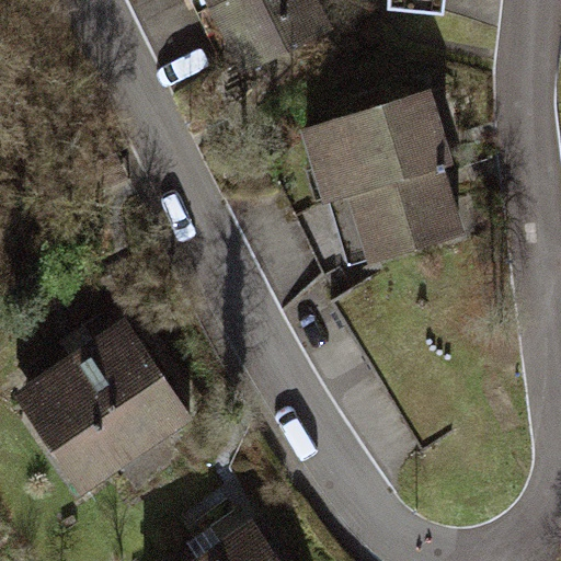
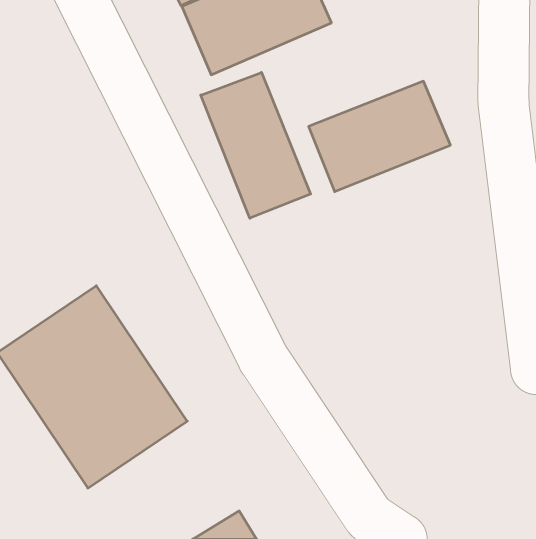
building: none -> [201,72,311,218]
building: [334,160,482,283] -> none

